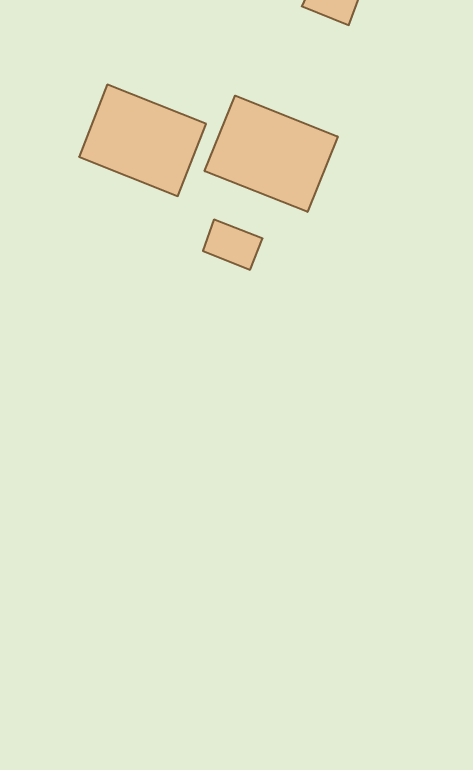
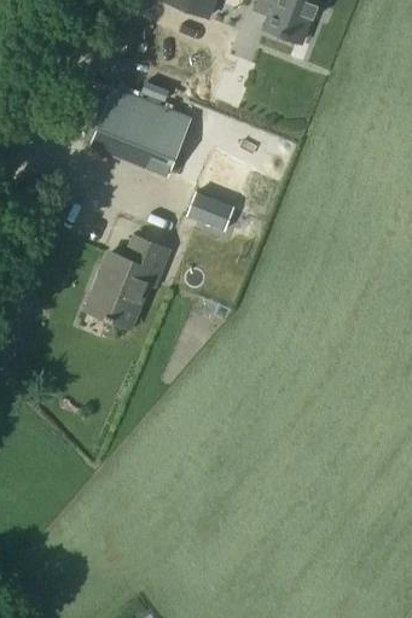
building: [205,96,338,212] -> none
building: none -> [88,234,168,326]

